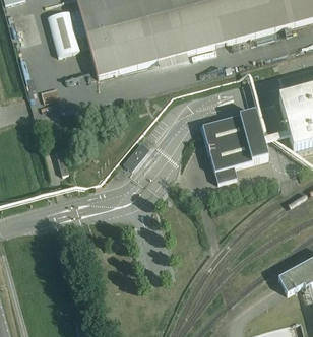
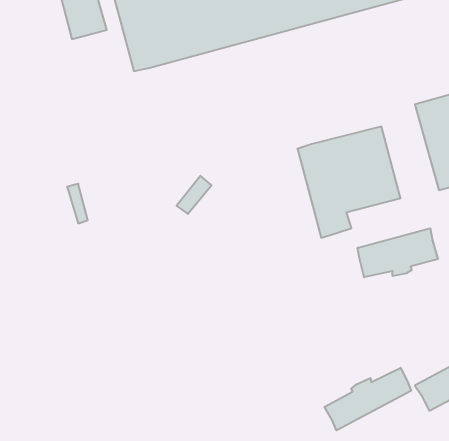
building: none -> [358,228,438,277]
building: none -> [325,368,411,430]

